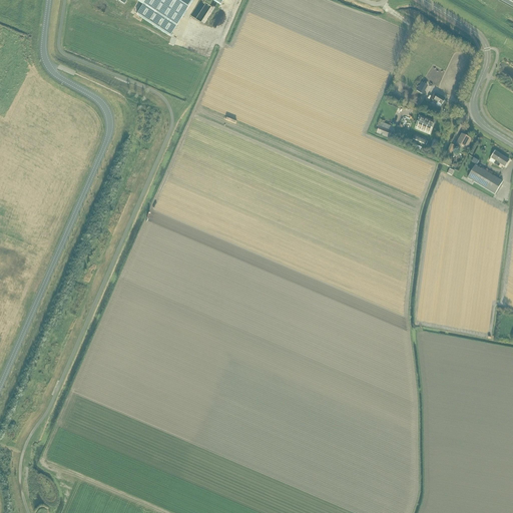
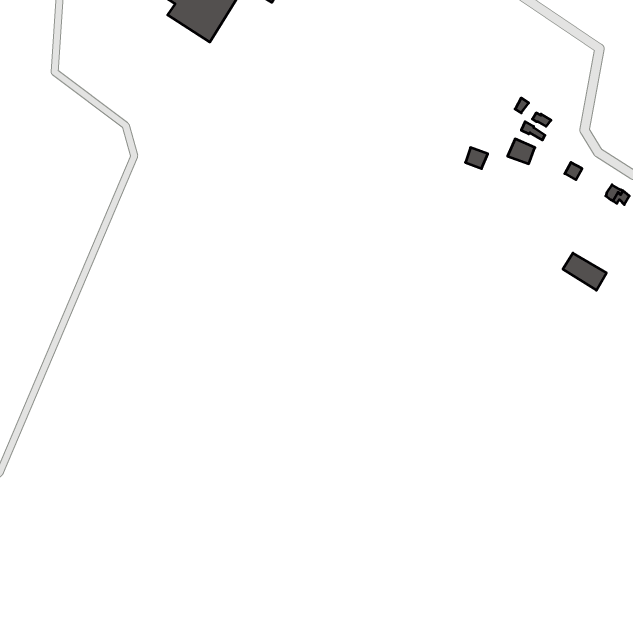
building: [467,162,502,192] -> [563,253,606,290]

